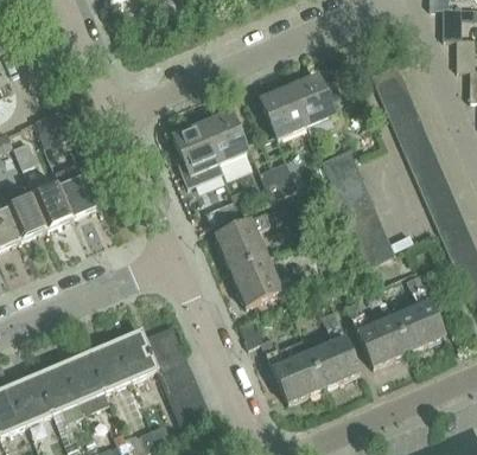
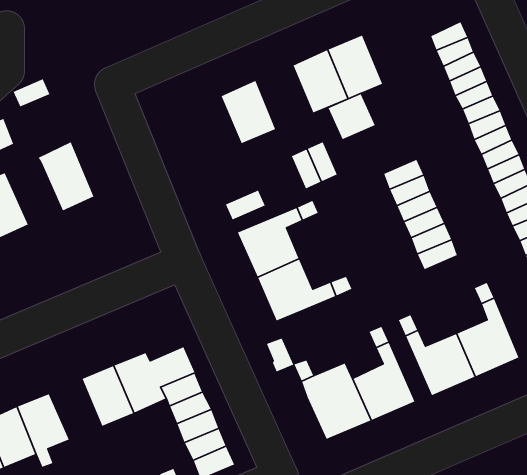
building: [173,123,223,187] -> none
building: [323,148,362,186] -> [328,93,376,140]
building: [34,177,75,227] -> none
building: [64,352,107,402] -> none

